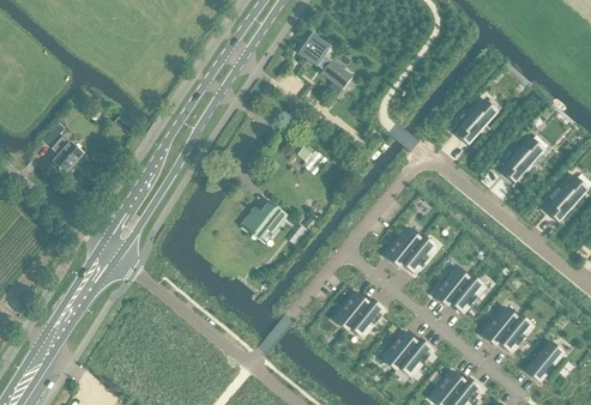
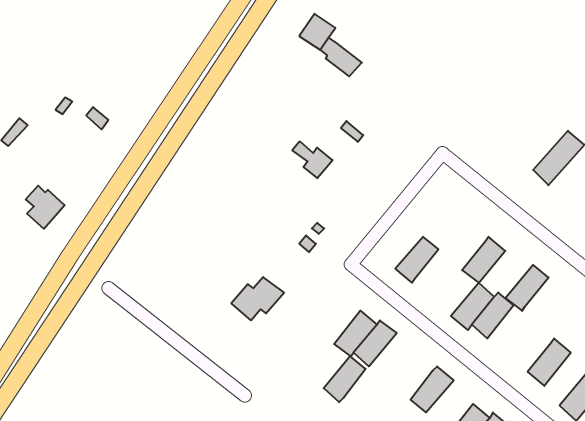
building: [453,96,497,143] -> none
building: [50,137,84,174] -> [26,186,65,229]
building: [241,201,287,238] -> [231,277,284,320]
building: [398,232,435,272] -> [462,237,505,283]
building: [478,306,515,345] -> [505,265,549,311]
building: [378,330,414,369] -> [324,356,366,402]

